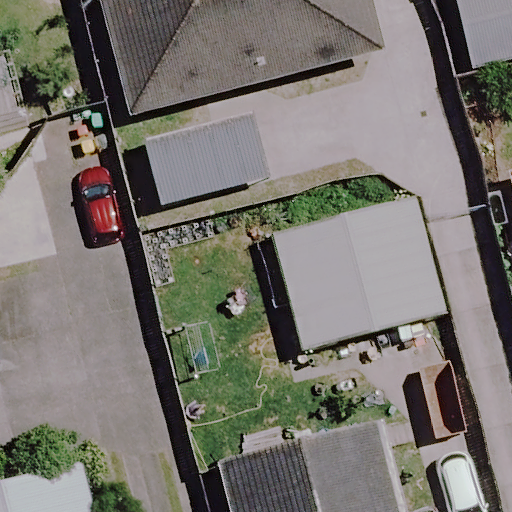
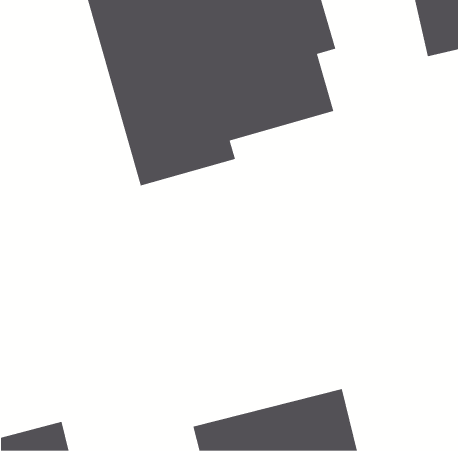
building: [269,195,436,350] -> none

